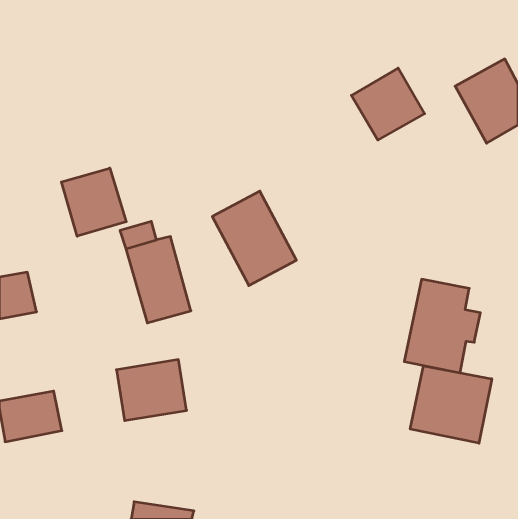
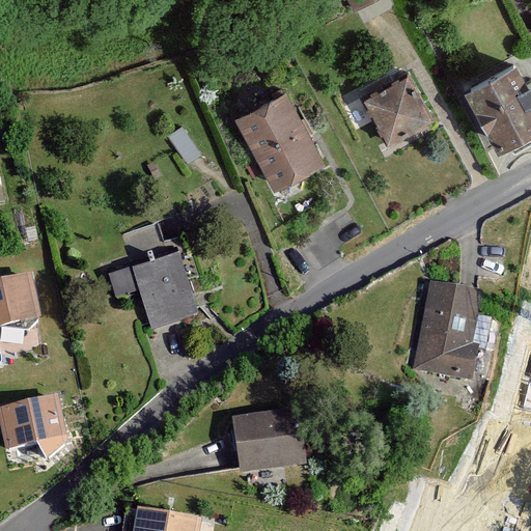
building: [61,168,126,236] -> none
building: [212,191,296,286] -> [236,90,323,187]
building: [116,360,187,421] -> [232,412,304,474]
building: [410,366,492,443] -> none

